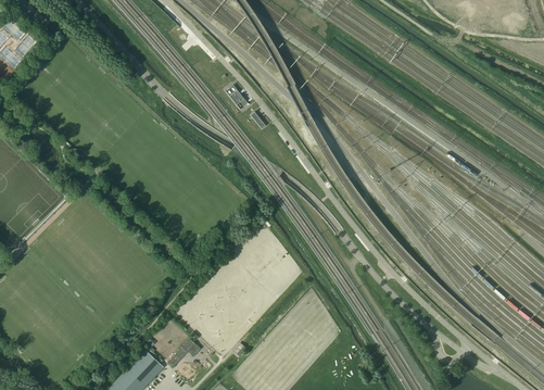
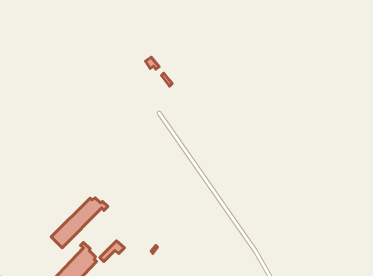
building: none -> [51,198,108,248]

